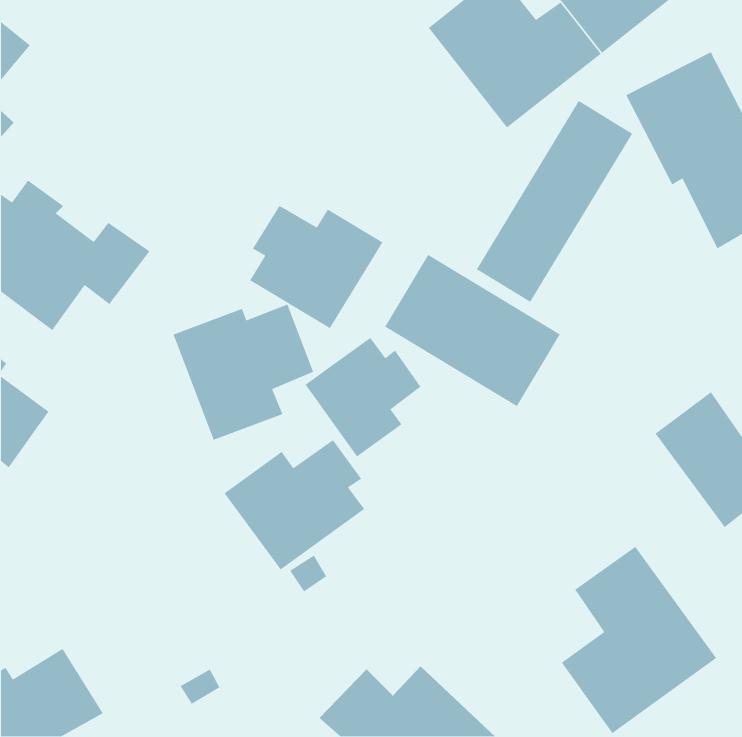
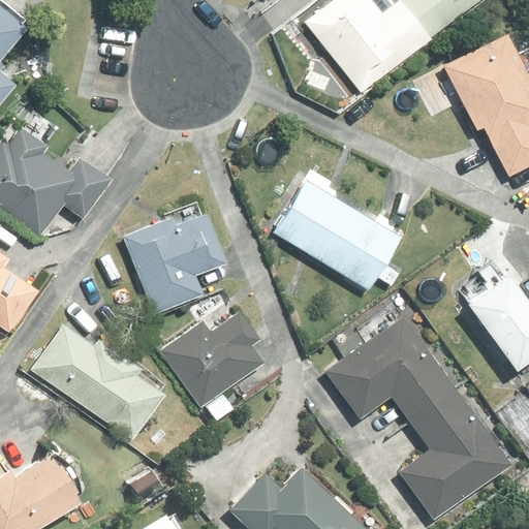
building: [476,100,633,303] -> none
building: [249,205,383,329] -> none
building: [305,337,422,458] -> none
building: none -> [325,315,453,418]
building: none -> [32,323,163,438]

